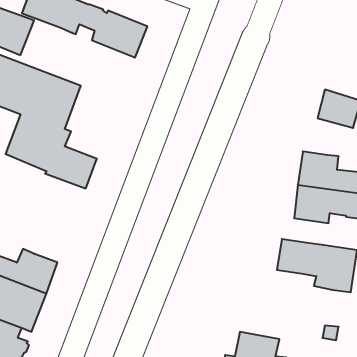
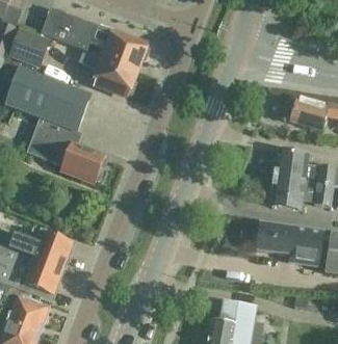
building: none -> [79,49,136,95]

